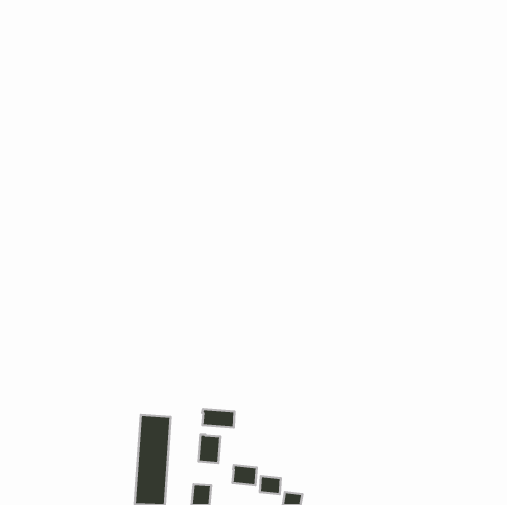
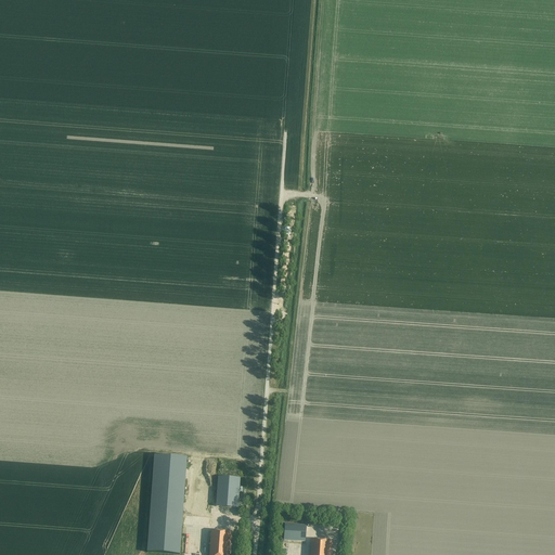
building: [202,409,235,427] -> none
building: [233,465,257,485] -> none

